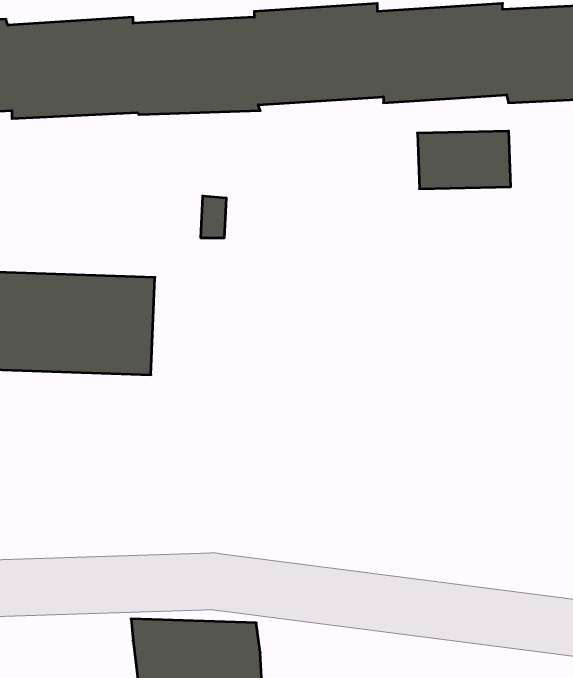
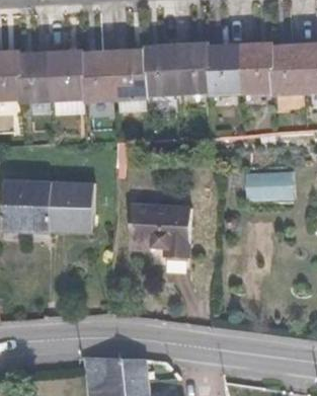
building: [417,131,511,189] -> [244,170,292,200]
building: none -> [128,204,190,258]

